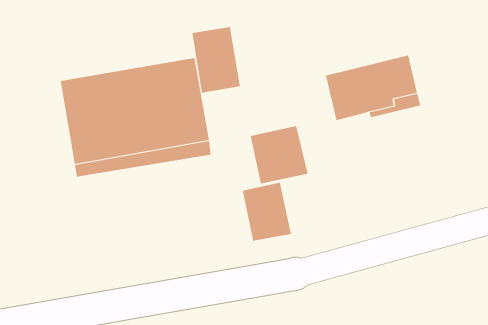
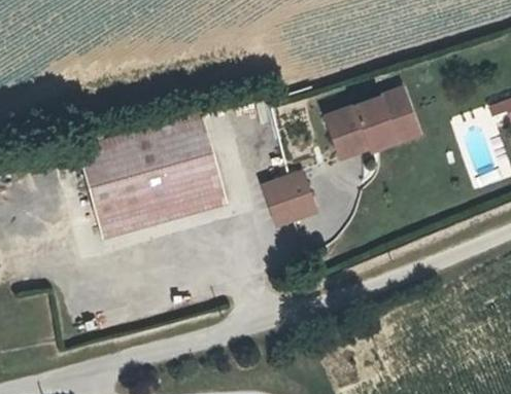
building: [192,26,240,93] -> none
building: [242,182,291,242] -> none

